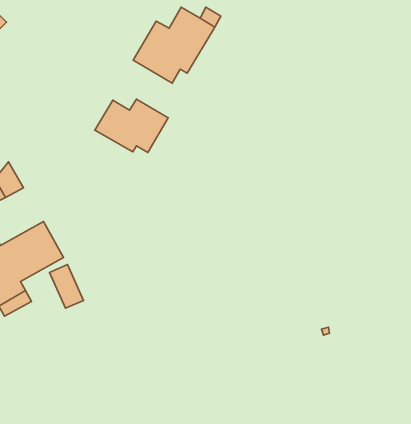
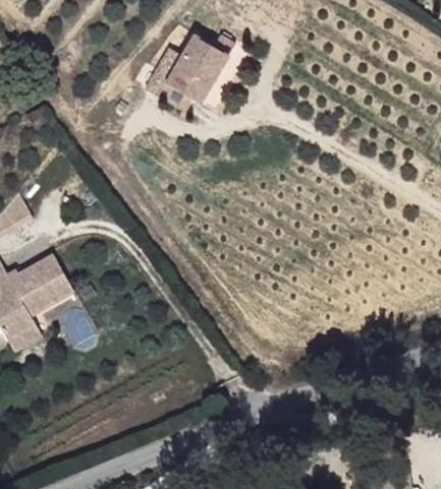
building: [95,99,168,153] -> none

